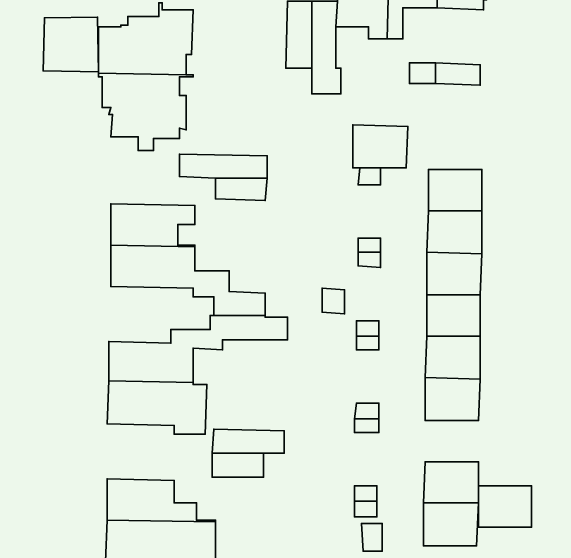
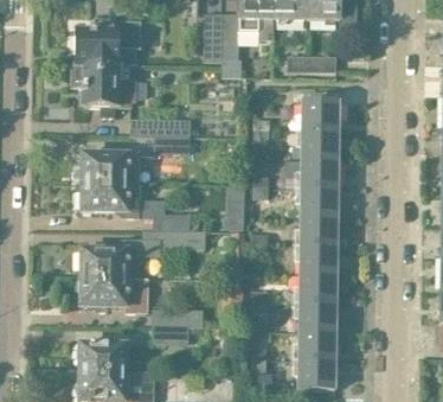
building: [43,17,99,72] -> none
building: [353,125,408,168] -> [302,100,340,129]
building: [478,486,532,527] -> [300,302,336,331]

